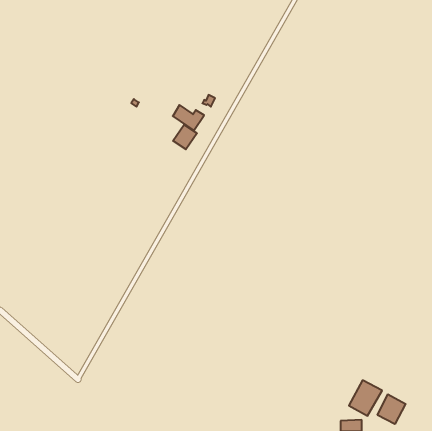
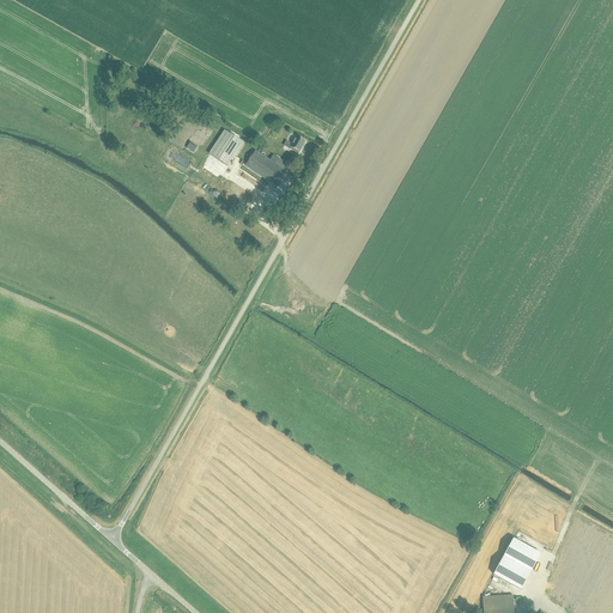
building: [173,125,197,149] -> [208,129,242,164]
building: [378,394,406,424] -> none

